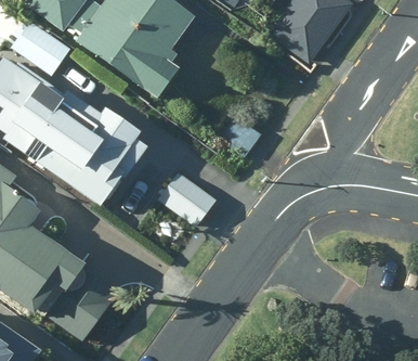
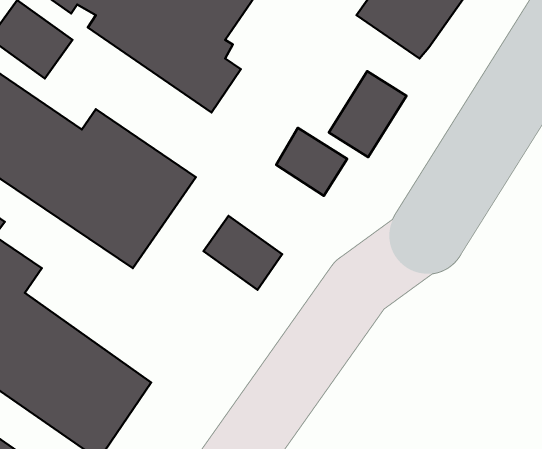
building: none -> [329,71,407,157]

